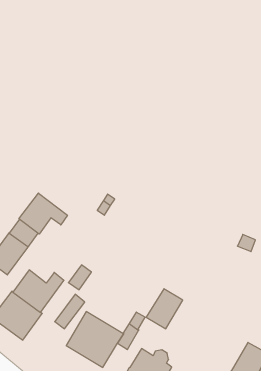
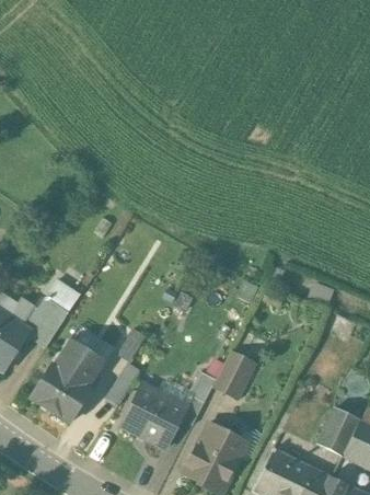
building: [19,193,67,234] -> none

